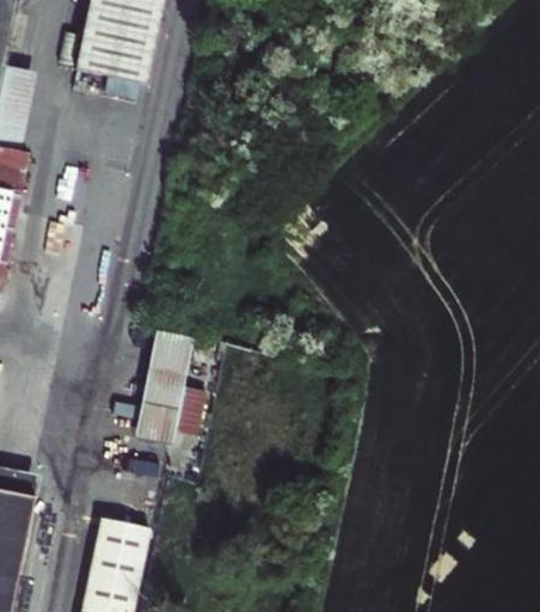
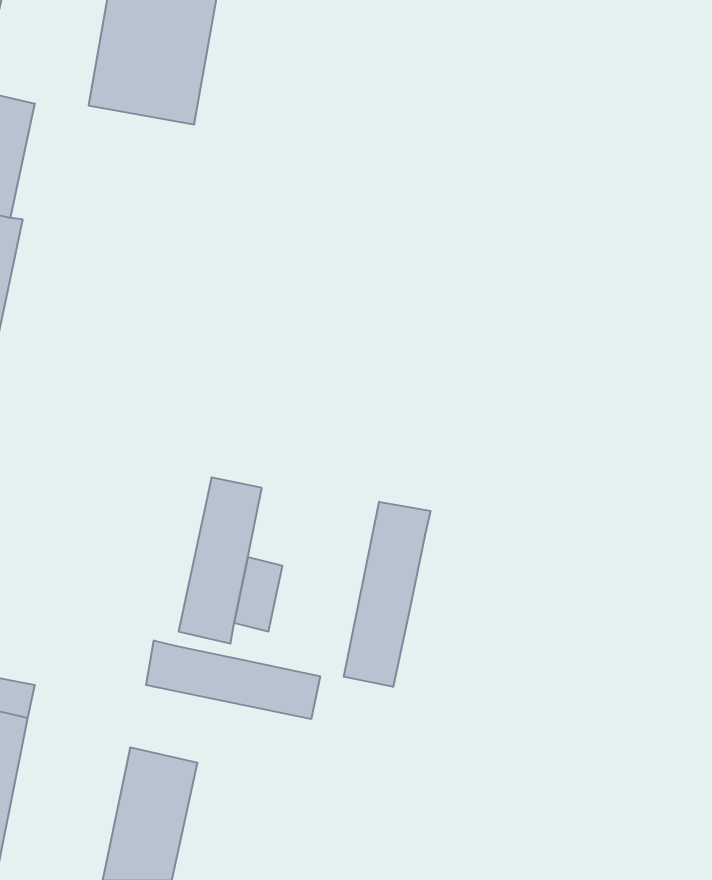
building: none -> [344,502,431,687]
building: none -> [146,640,320,719]

